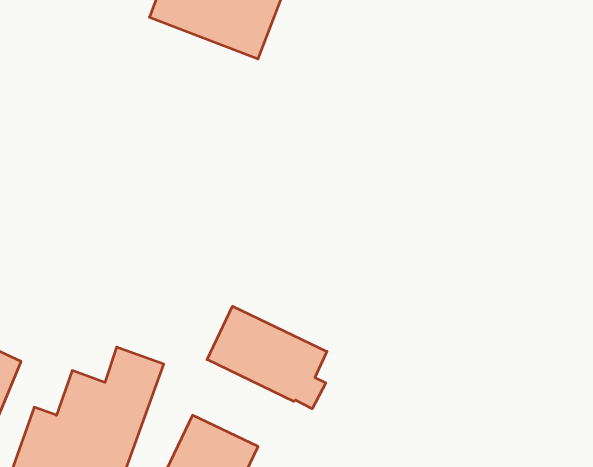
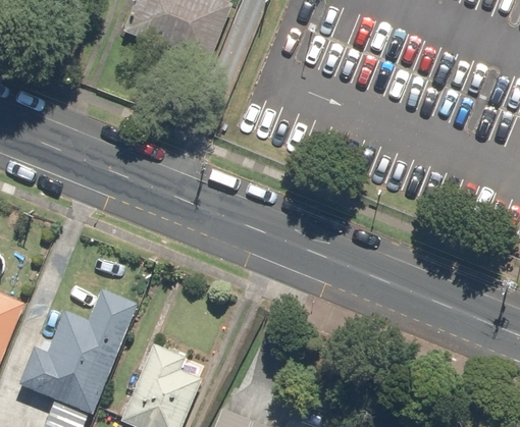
building: [207,306,327,409] -> none

